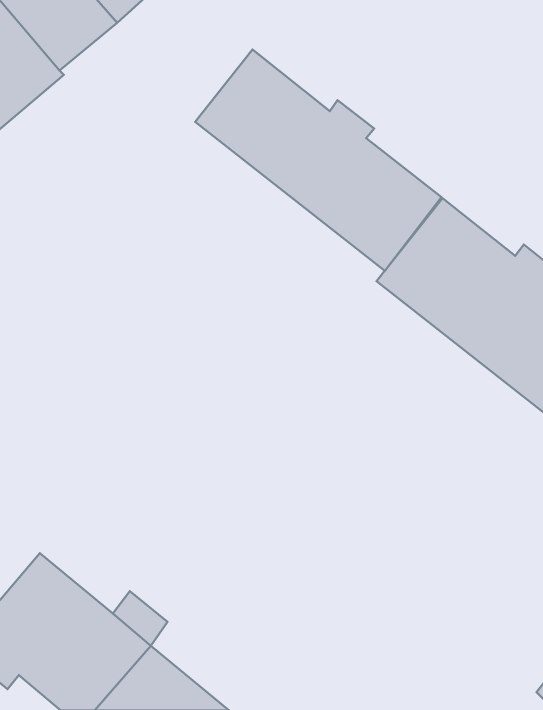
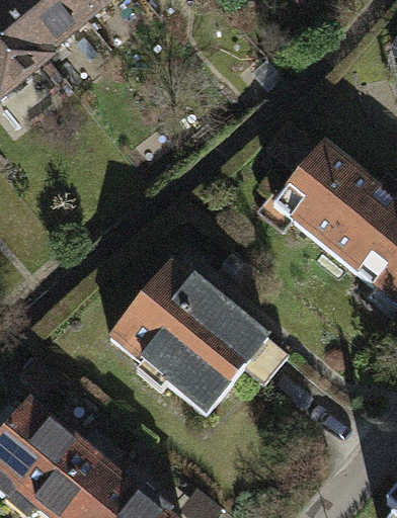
building: [195,49,442,271] -> none
building: none -> [108,261,275,415]

